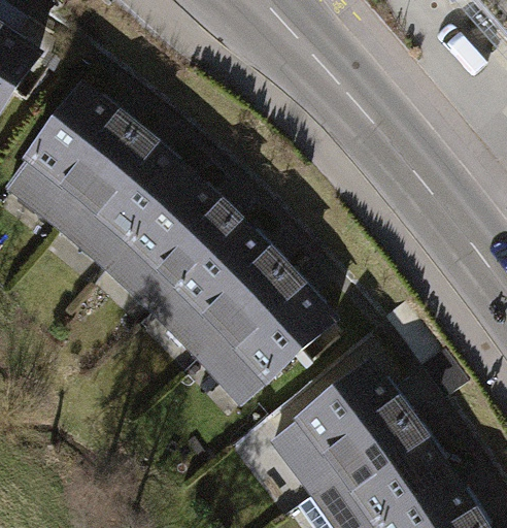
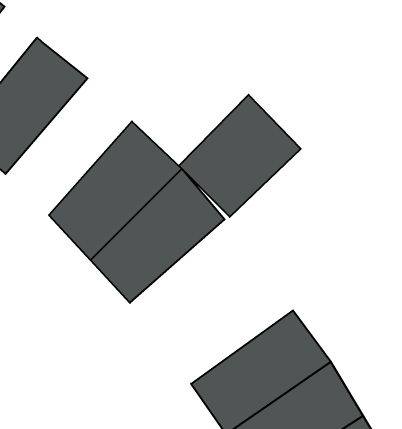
building: [53,120,184,269] -> none
building: none -> [179,95,301,217]
building: [195,262,338,406] -> none

